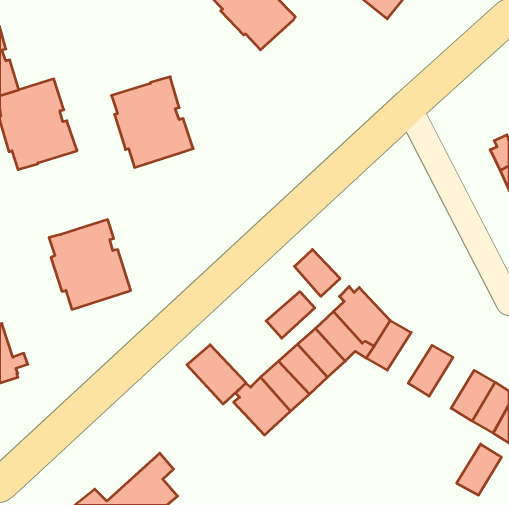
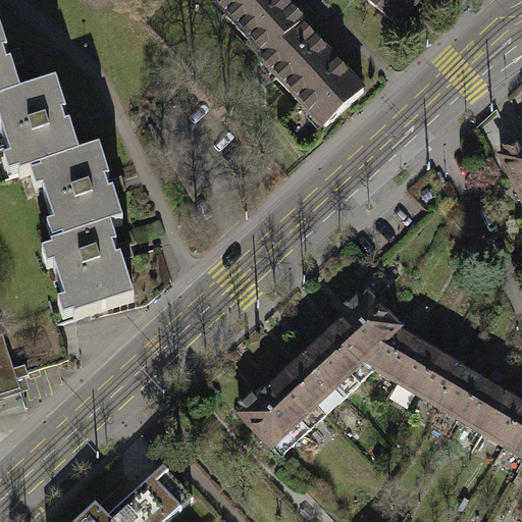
building: none -> [262,20,362,122]
building: [111,77,193,167] -> [39,147,122,240]
building: [294,249,340,296] -> none
building: [266,292,315,338] -> none
building: none -> [396,340,441,392]
building: [187,345,246,404] -> none
building: [457,444,501,495] -> [438,365,484,417]

